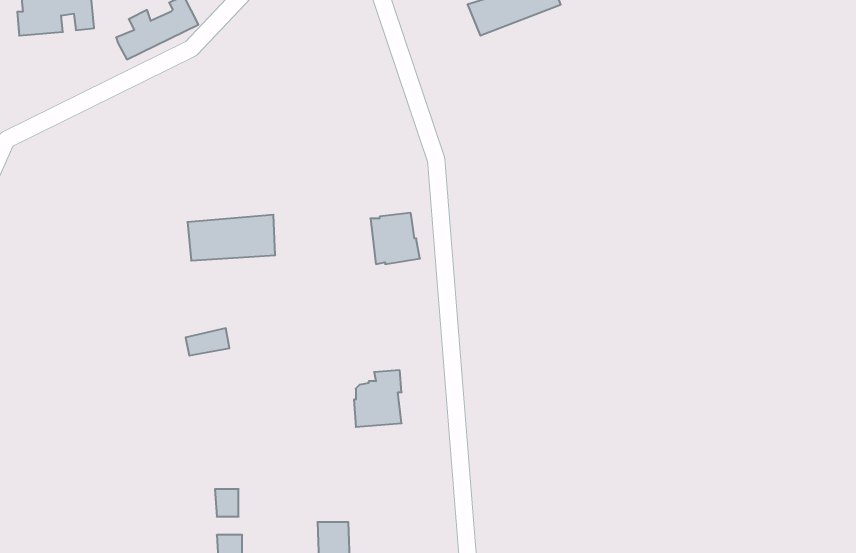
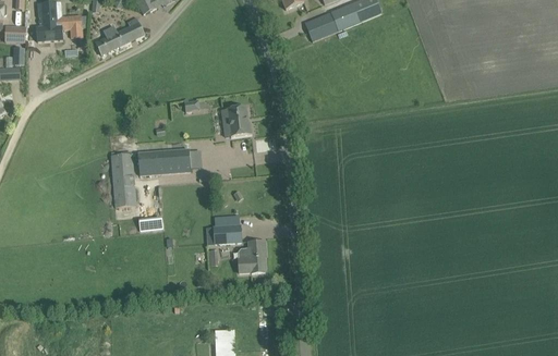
building: [370,213,420,264] -> [222,106,252,136]
building: none -> [111,152,137,207]
building: none -> [205,224,242,243]

